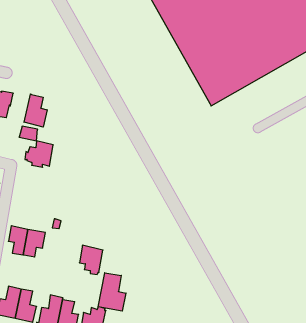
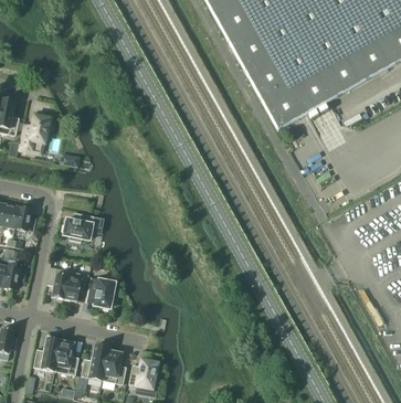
building: [24,94,47,127] -> none
building: [25,141,53,167] -> [62,211,94,241]
building: [79,245,103,274] -> [88,276,115,309]
building: [98,273,126,311] -> none

